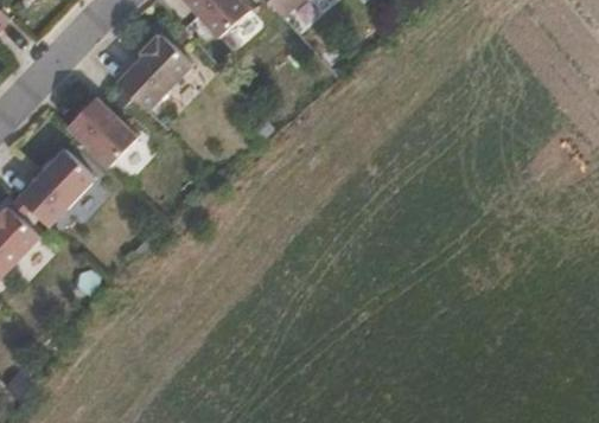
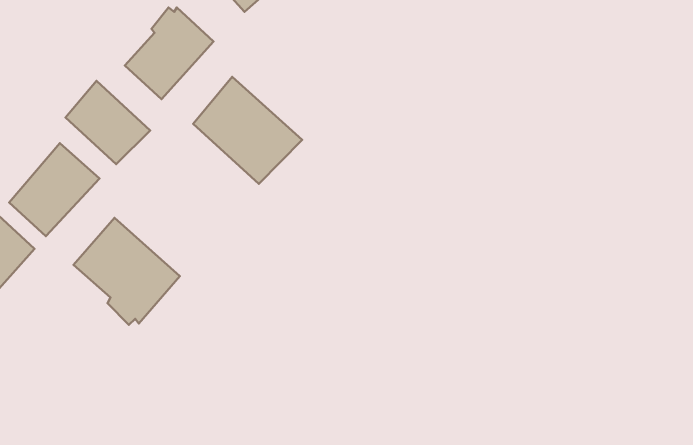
building: none -> [193,77,302,184]
building: none -> [73,218,180,325]

